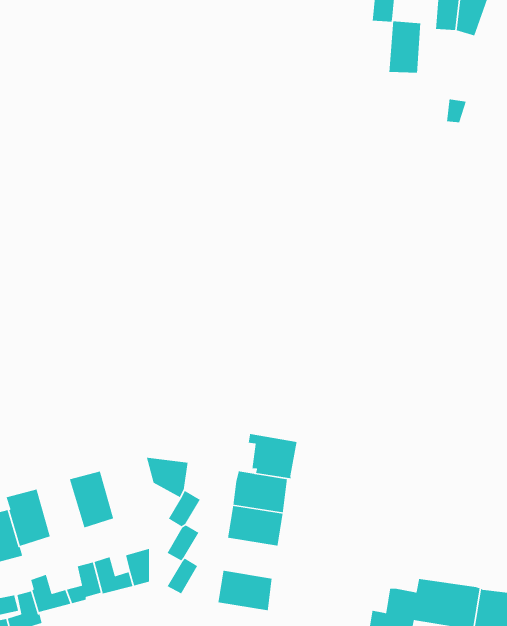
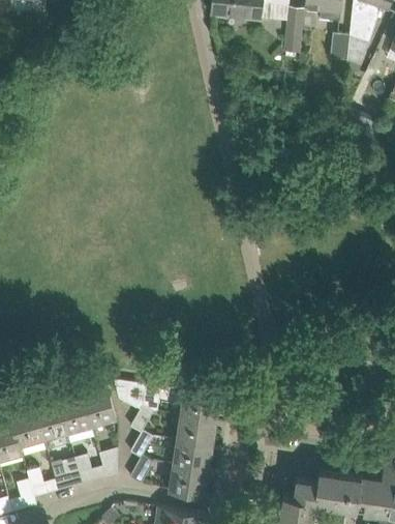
building: [388,20,421,73] -> none
building: [248,433,298,479] -> none
building: none -> [80,383,116,427]
building: none -> [32,397,67,440]
building: none -> [172,441,213,471]

